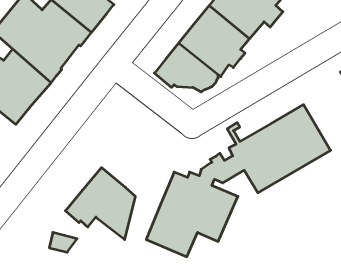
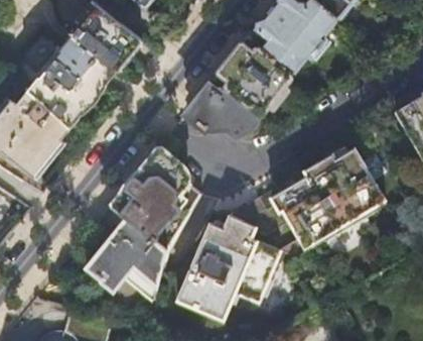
building: none -> [111,152,187,243]

